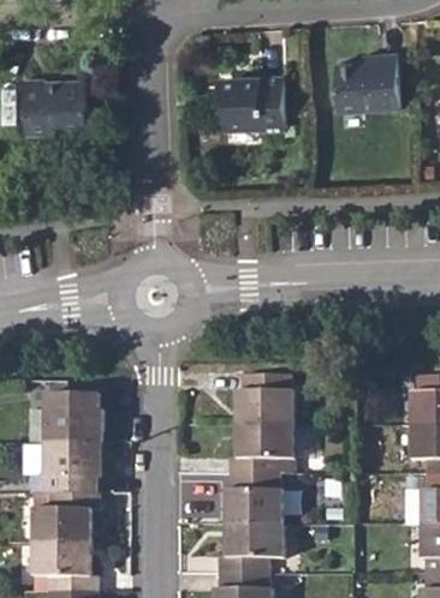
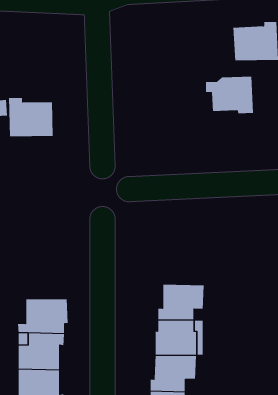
building: [215,79,284,132] -> [205,76,254,114]
building: [20,80,84,136] -> [8,98,54,137]
building: [236,377,296,426] -> none
building: [43,397,102,445] -> none

